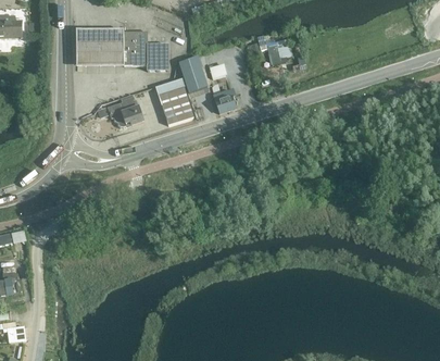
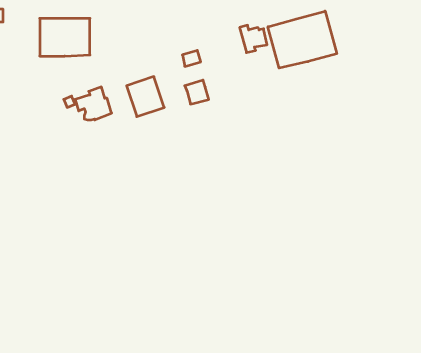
building: none -> [268,11,337,68]
building: [123,30,168,69] -> none
building: [179,55,208,90] -> none

